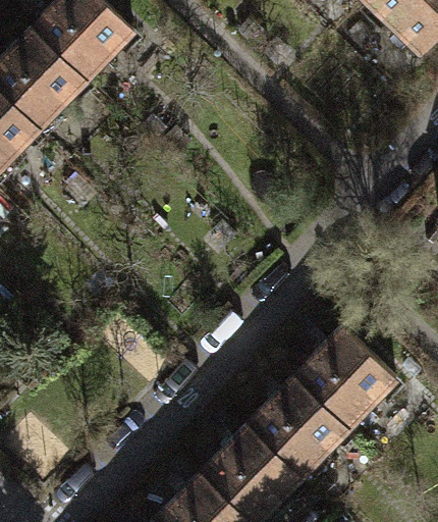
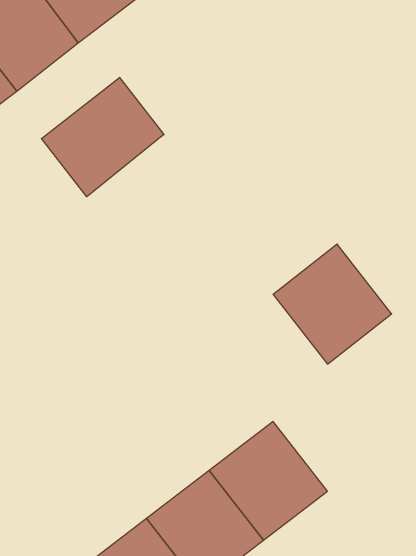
building: none -> [41,77,164,197]
building: [295,325,397,427] -> [273,244,392,364]

